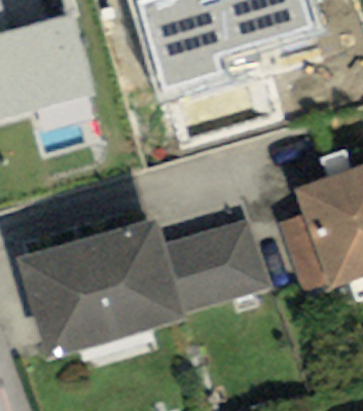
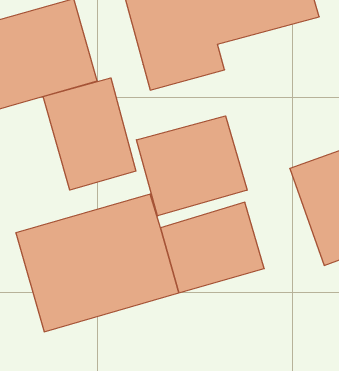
building: none -> [43,78,136,190]
building: none -> [136,116,247,216]

